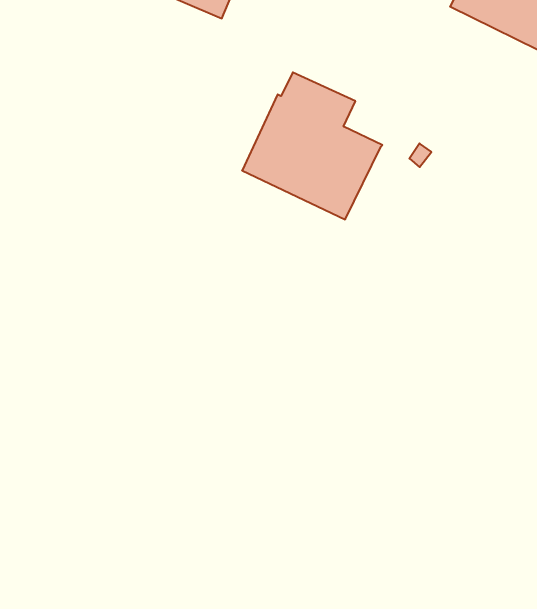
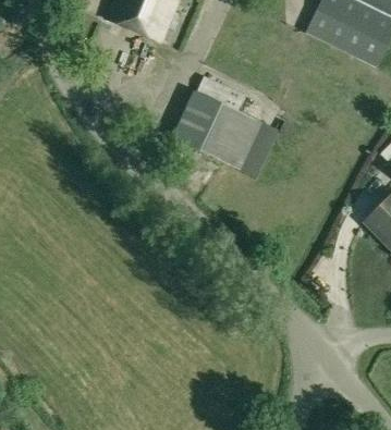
building: none -> [239,123,278,177]

